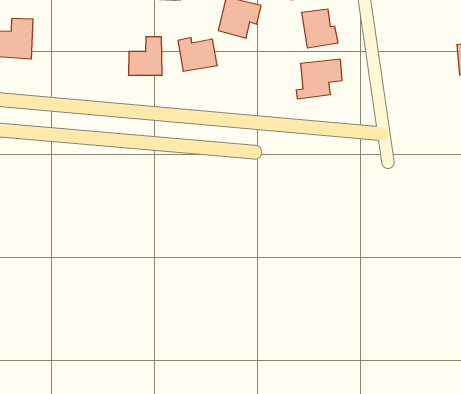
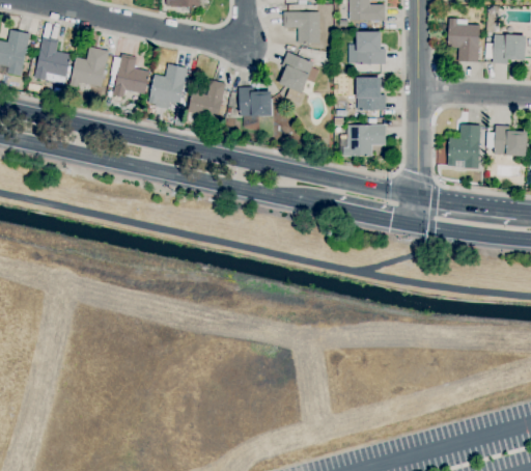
building: none -> [112,54,149,98]
building: none -> [148,64,187,109]
building: none -> [448,126,479,169]

